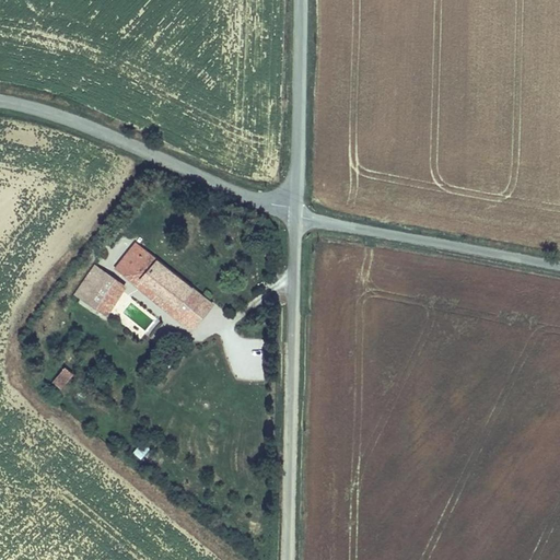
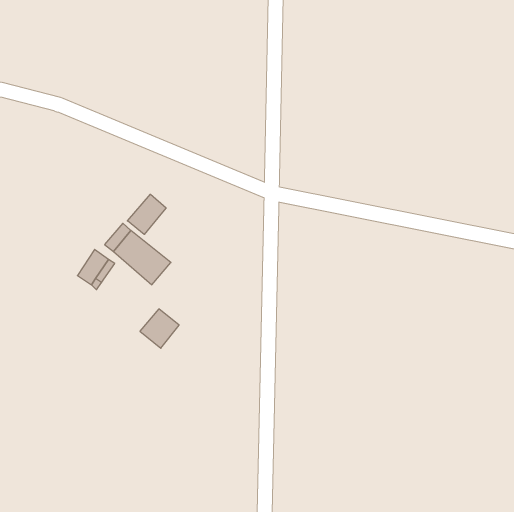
building: none -> [127,194,166,234]
building: [165,285,208,328] -> [140,309,179,348]

